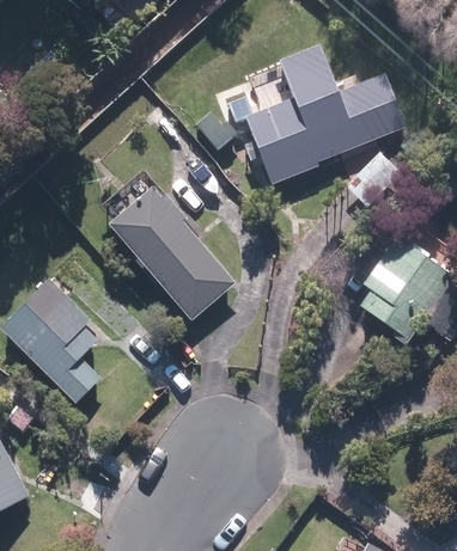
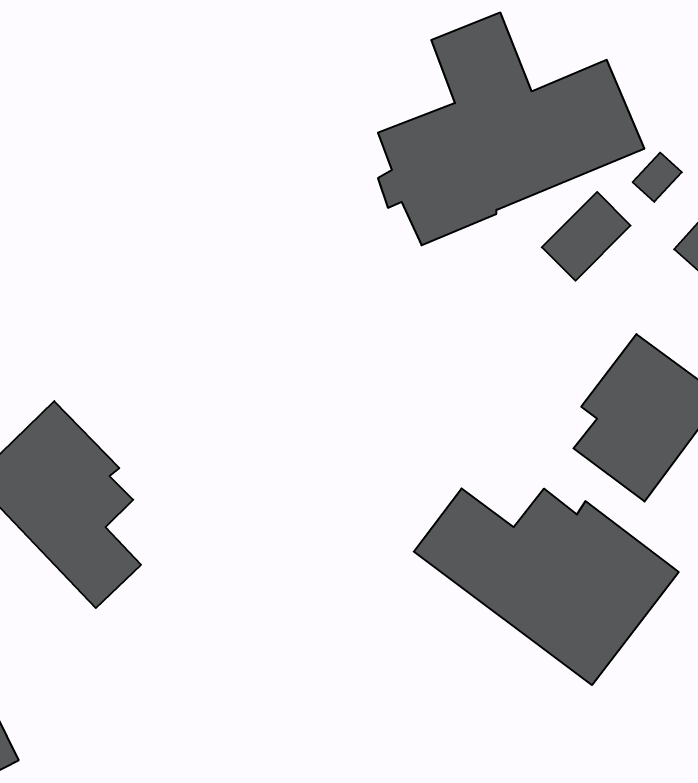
building: [110,186,237,320] -> none
building: none -> [414,488,679,685]

